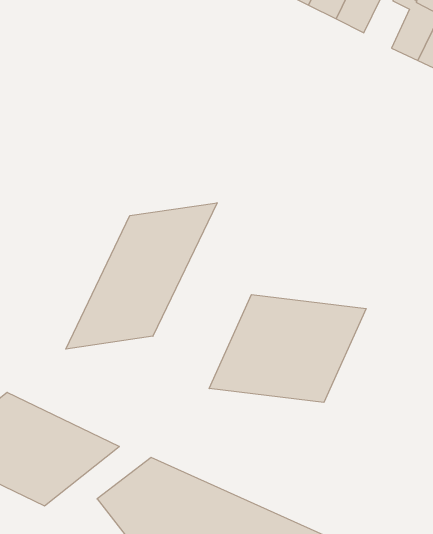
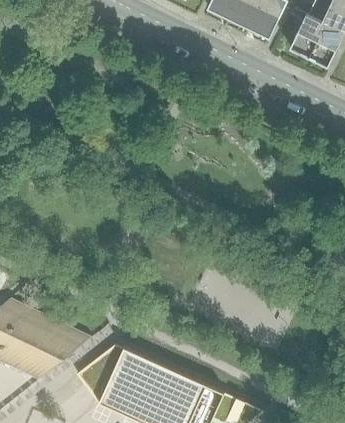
building: [66,203,217,349] -> none
building: [209,295,366,402] -> none

